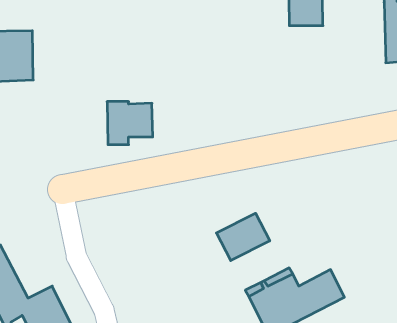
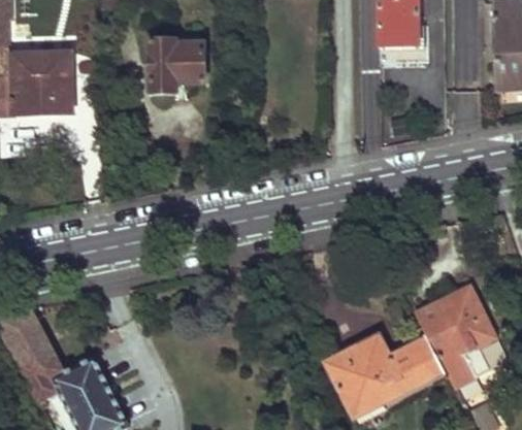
building: [107,102,153,145] -> [150,40,204,92]
building: [216,213,270,261] -> none
building: none -> [416,285,498,388]

